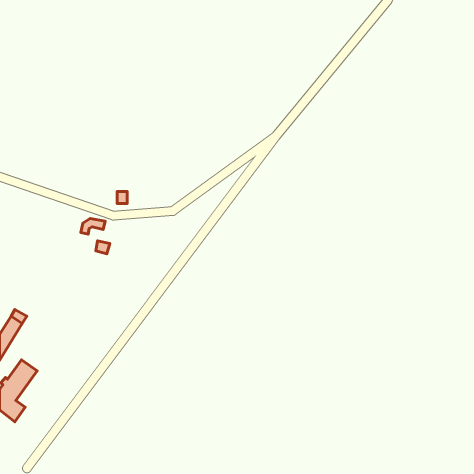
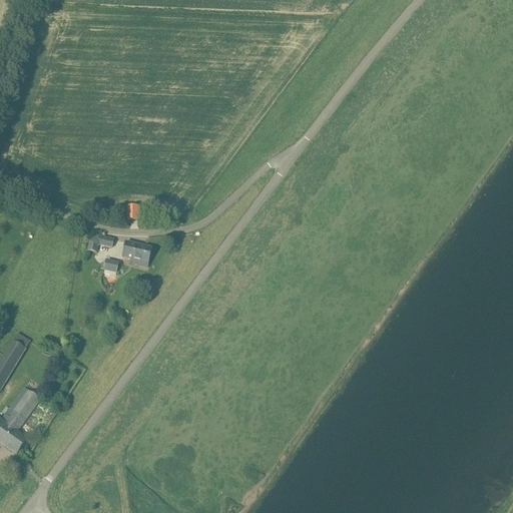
building: none -> [121,242,150,268]

